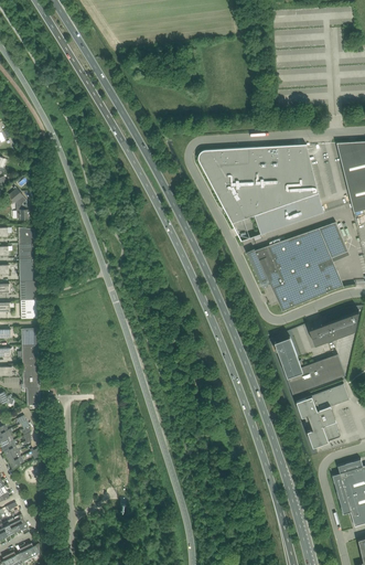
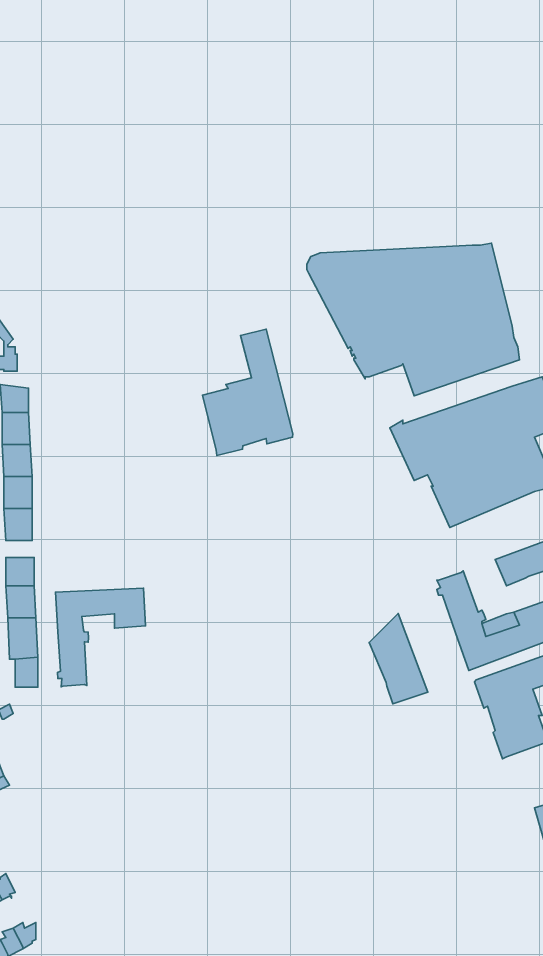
building: none -> [202,329,293,456]
building: none -> [55,588,145,687]
building: none -> [369,613,428,704]

